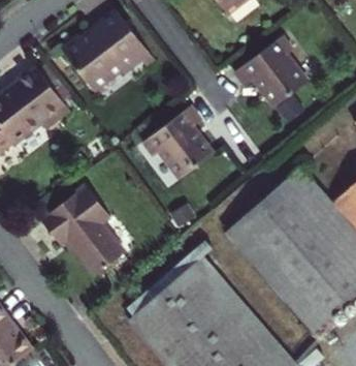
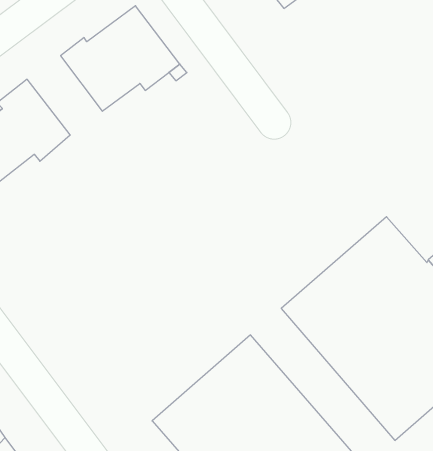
building: [235,35,306,104] -> none
building: [142,104,213,177] -> none
building: [39,184,127,279] -> none

